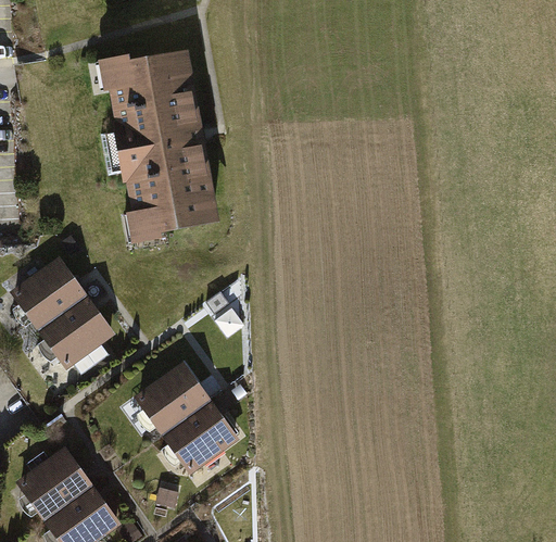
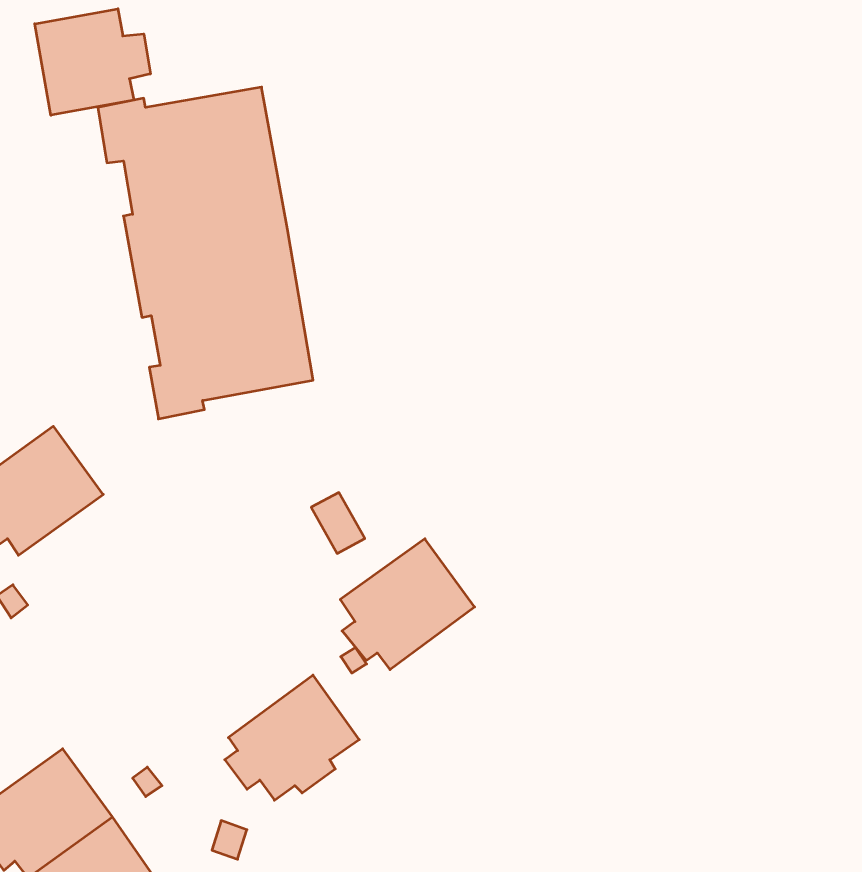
building: none -> [35,9,150,115]
building: [40,292,119,371] -> none
building: [137,358,216,436] -> [340,539,475,670]

